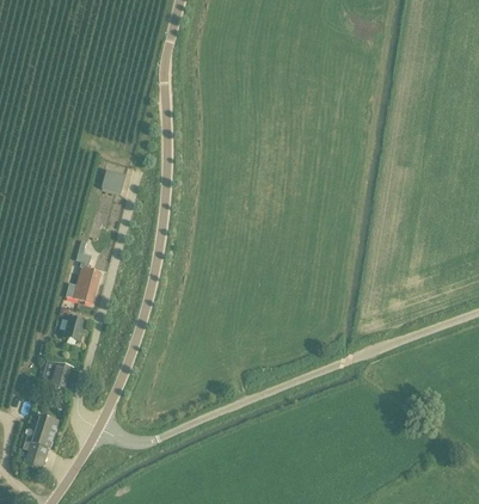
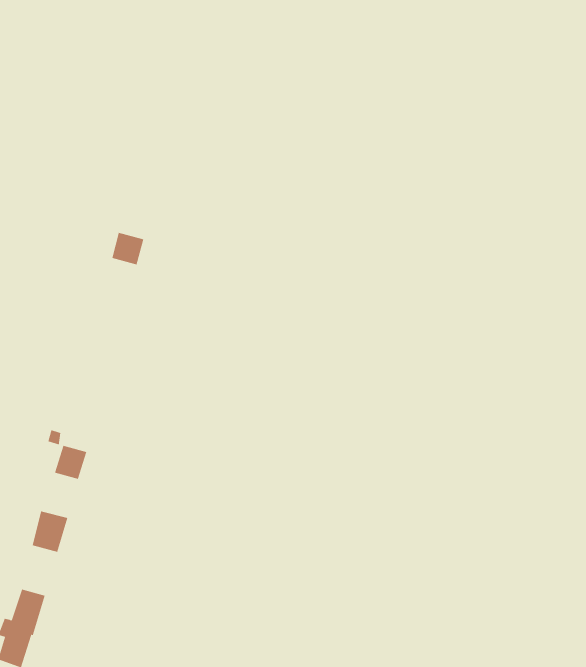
building: [66,240,100,302] -> none

